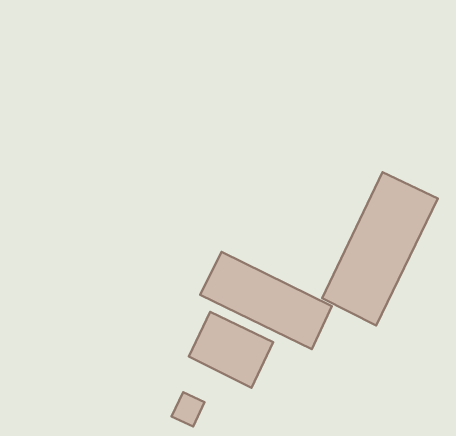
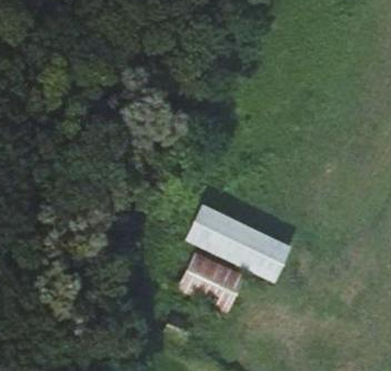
building: [322,172,438,325] -> none

